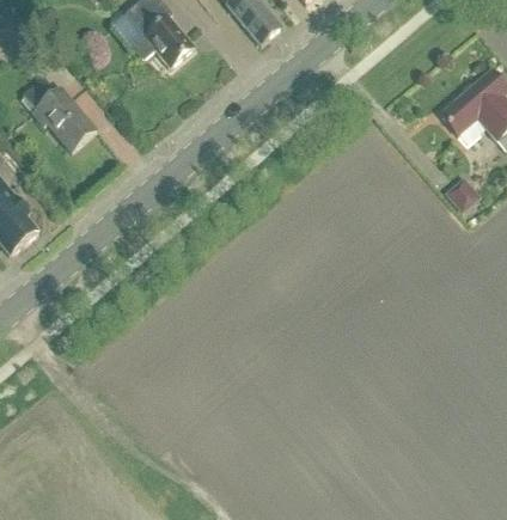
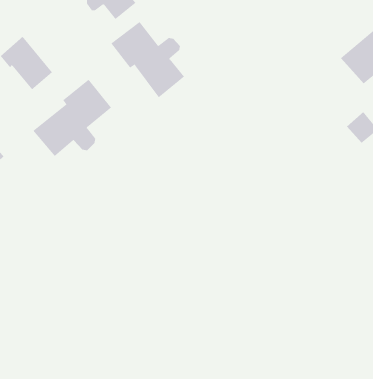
building: none -> [111,21,185,98]
building: none -> [32,79,112,157]

